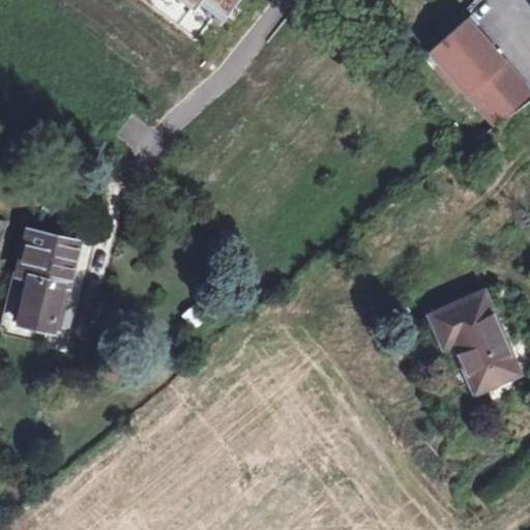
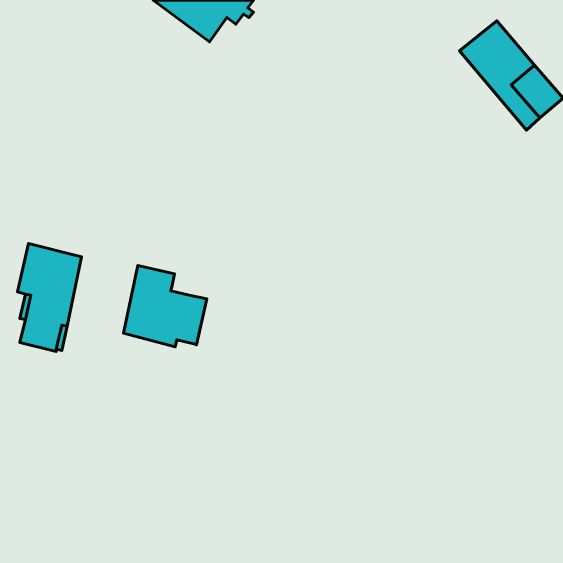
building: none -> [123,266,207,347]
building: [433,293,517,389] -> none

